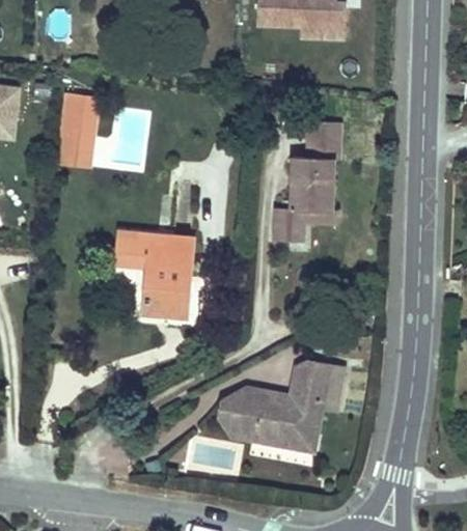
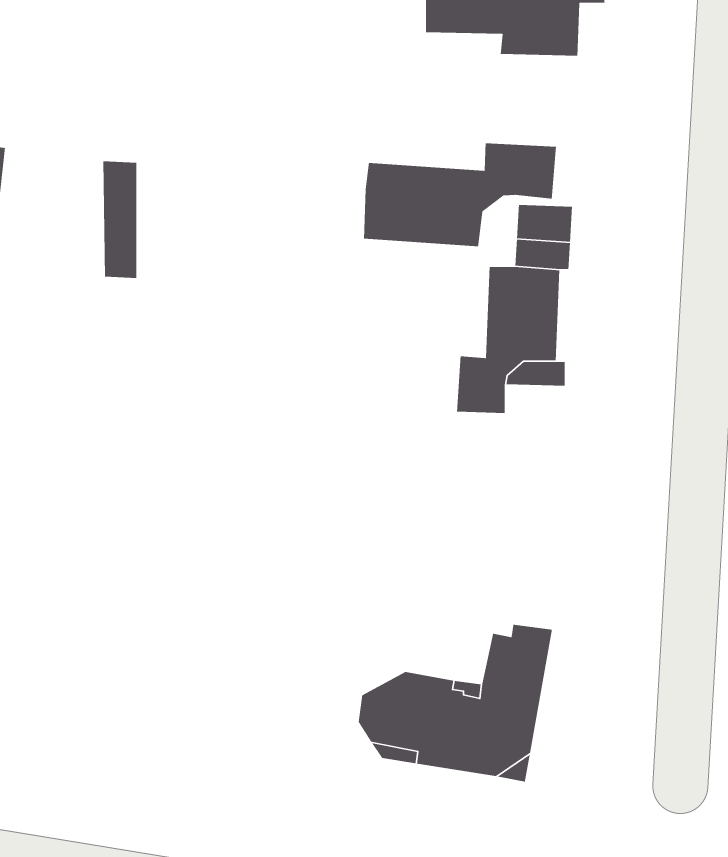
building: none -> [363,143,557,247]
building: [116,232,192,316] -> none

